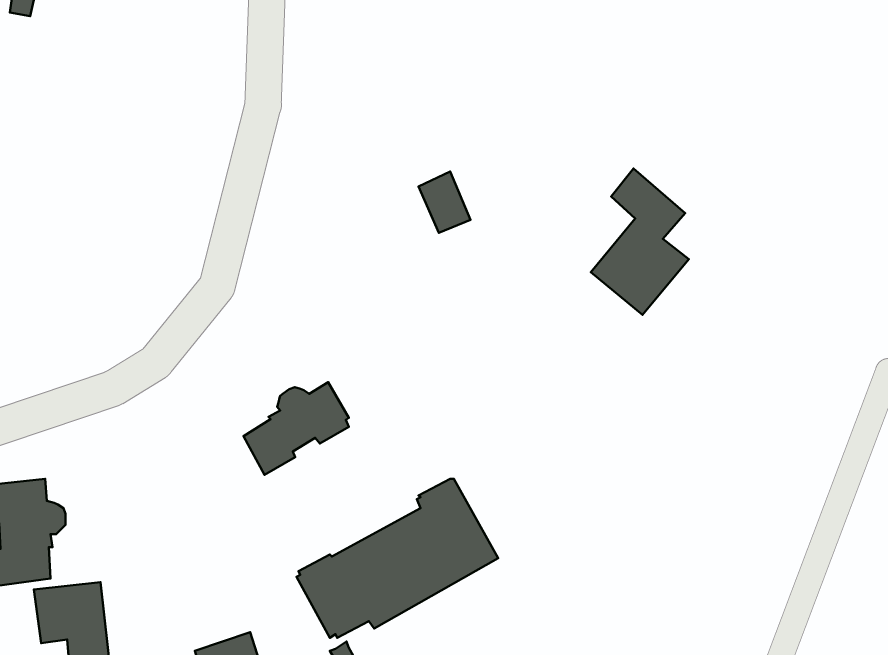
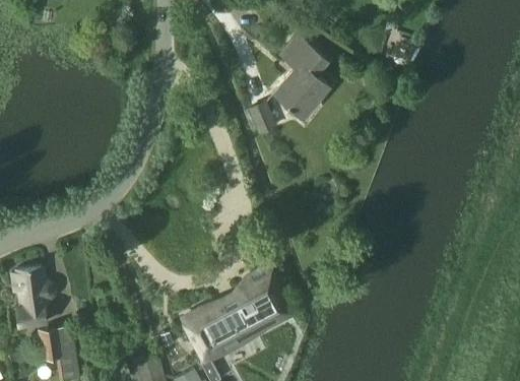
building: [591,169,689,315] -> [274,36,328,116]
building: [244,382,349,475] -> none

